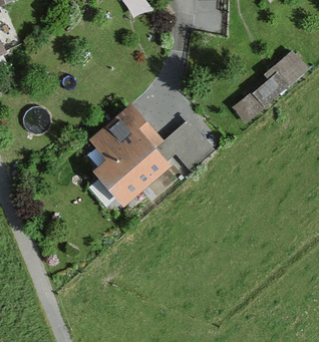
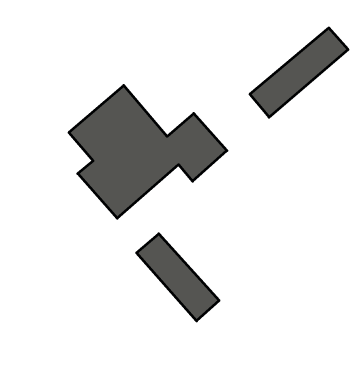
building: none -> [137,234,219,321]

